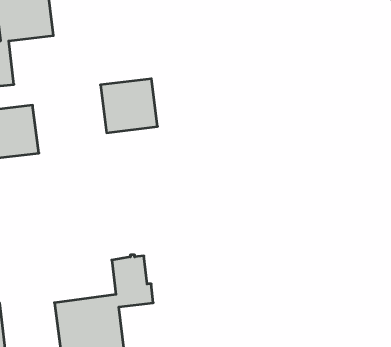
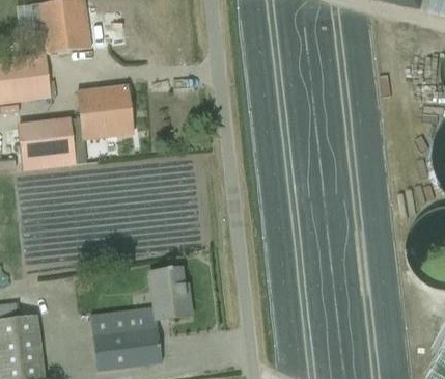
building: [100,79,158,133] -> [78,85,135,139]

